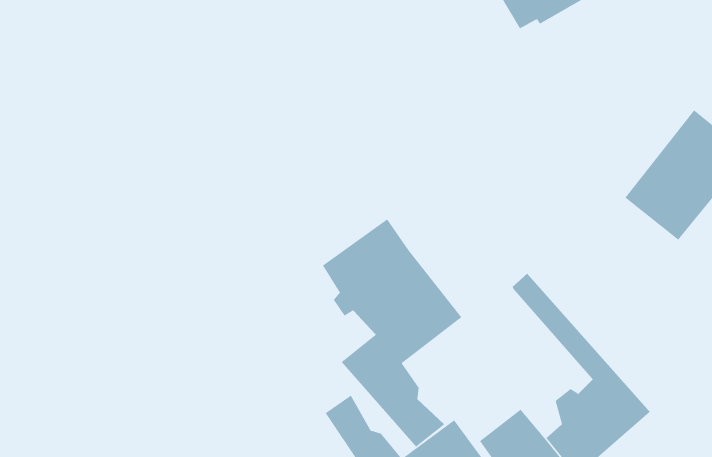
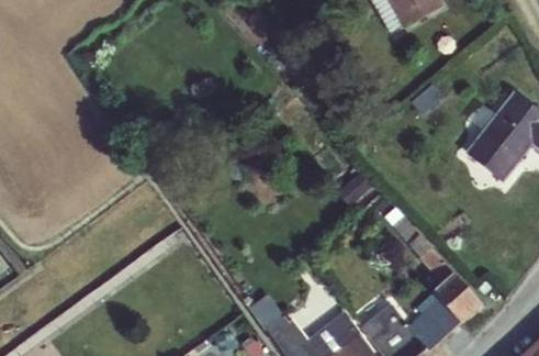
building: [322,218,462,448] -> none

